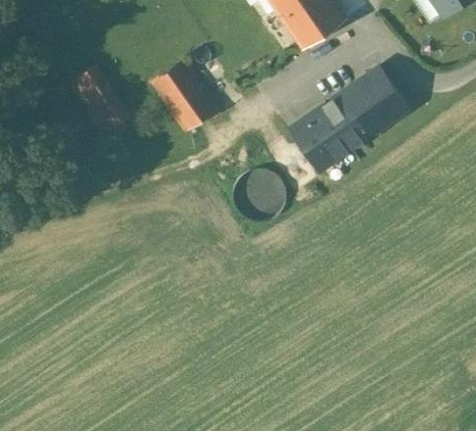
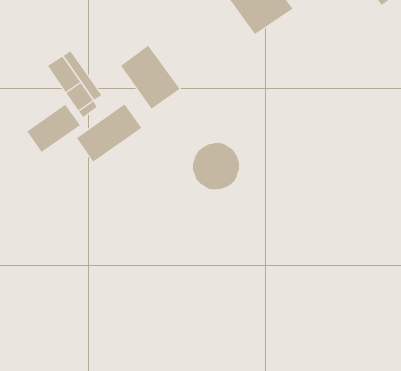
building: [291,66,406,164] -> none
building: none -> [76,103,142,163]
building: none -> [27,104,81,153]

